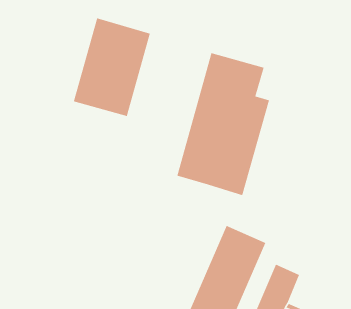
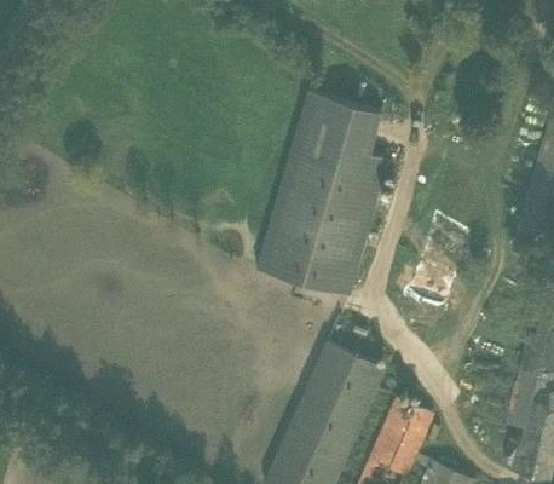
building: [73,18,150,117] -> none

